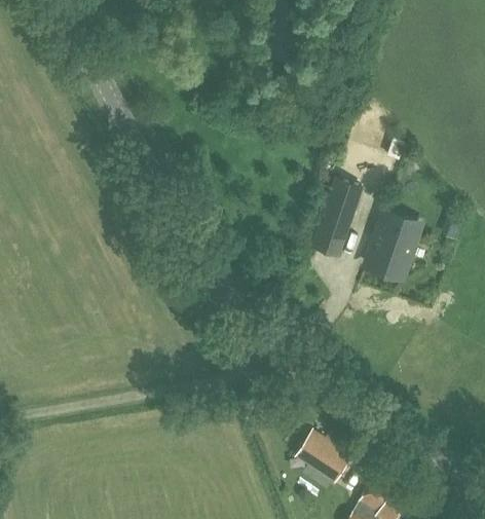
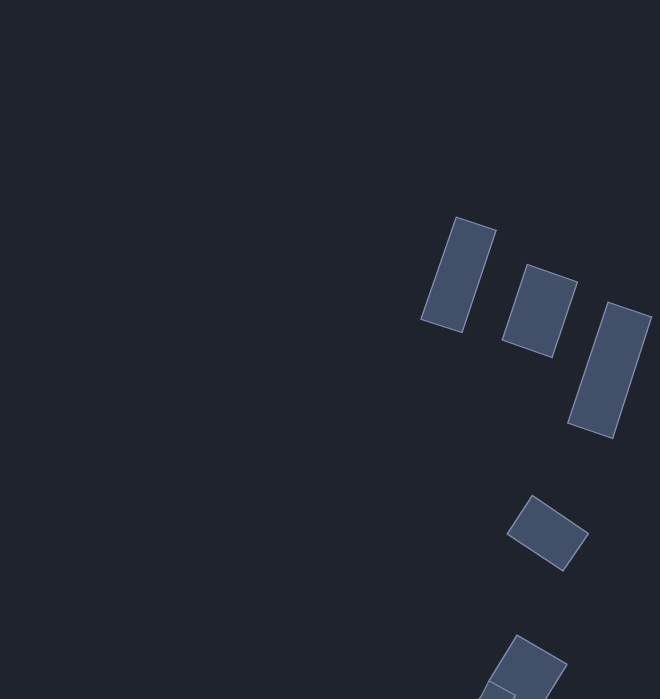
building: none -> [568,302,652,439]
building: [296,432,352,484] -> [507,496,588,571]

